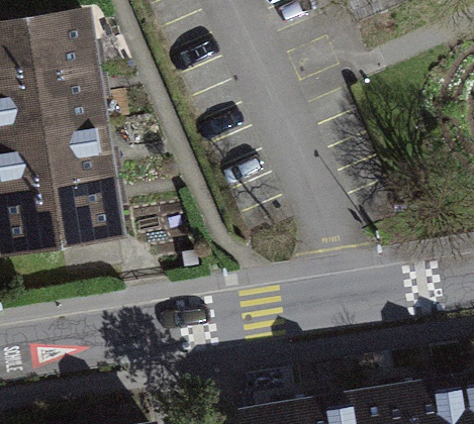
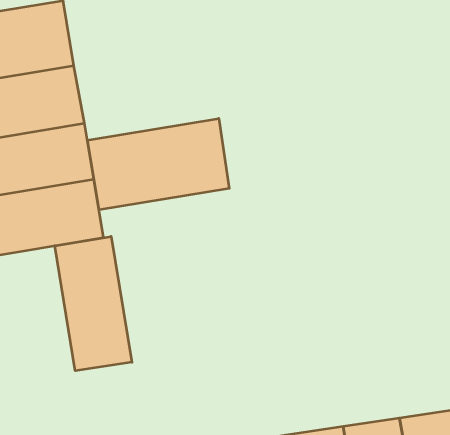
building: none -> [87,118,229,210]
building: none -> [55,236,132,371]

